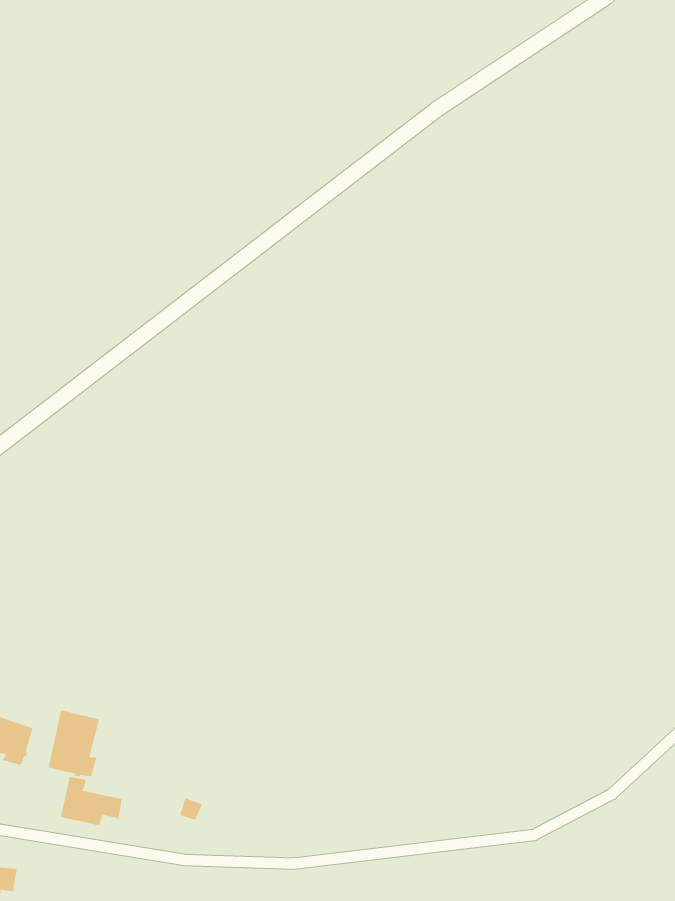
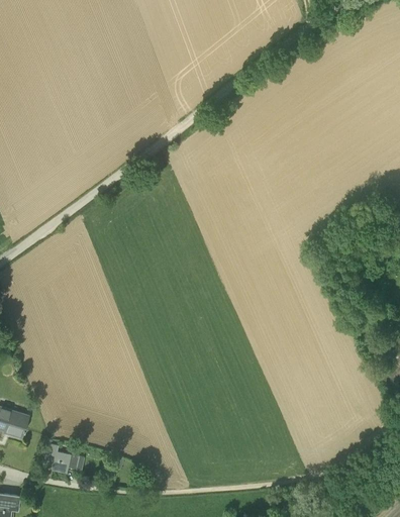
building: [48,710,100,777] -> none

